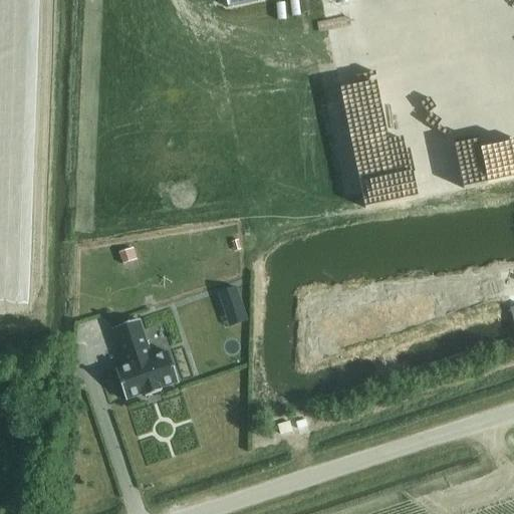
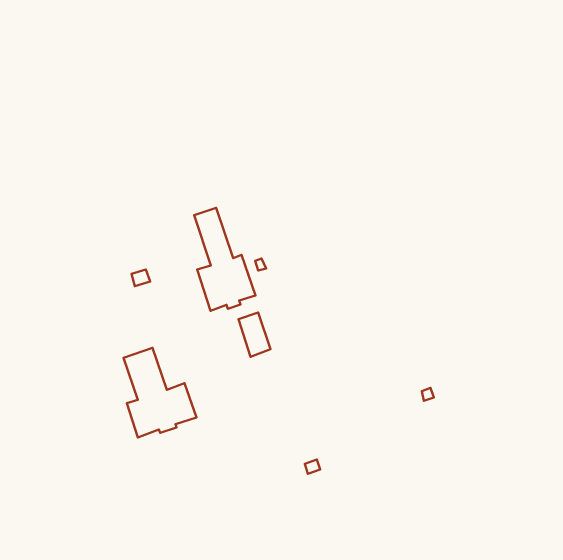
building: none -> [194,208,256,311]

